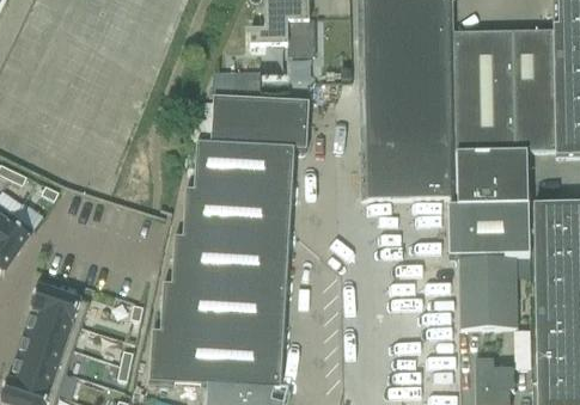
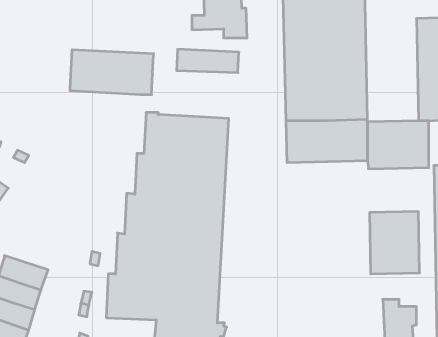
building: [453,30,515,151] -> none
building: [210,94,309,147] -> [70,50,154,95]
building: [448,204,527,254] -> none
building: [30,283,90,324] -> none

